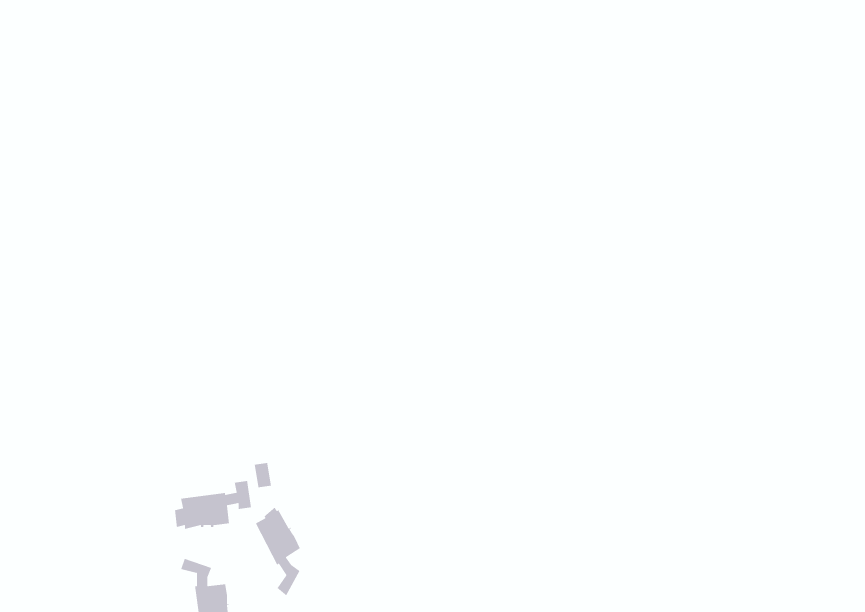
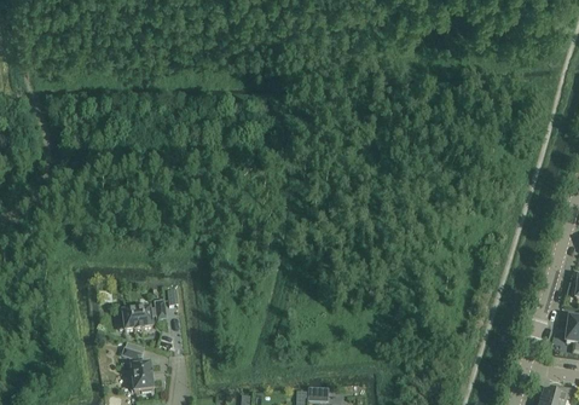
building: [255,507,301,596] -> none

